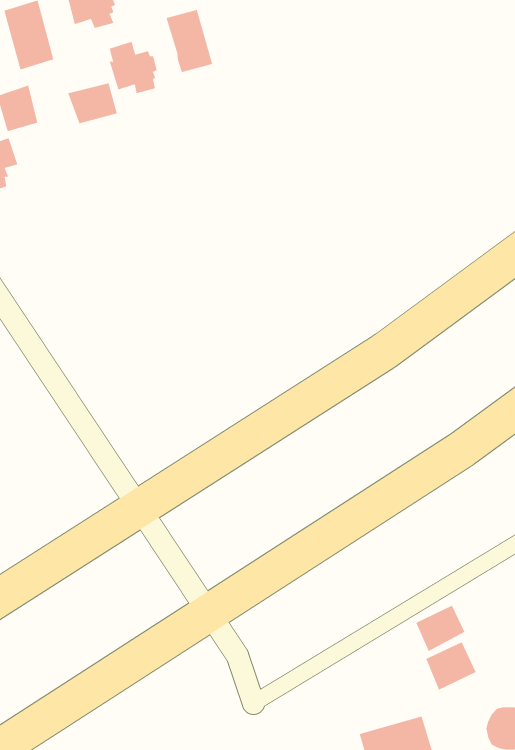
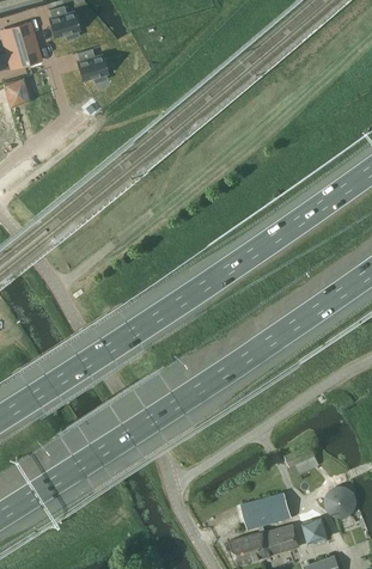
building: [166,9,213,73] -> none
building: [68,82,117,124] -> none
building: [416,605,465,652] -> none

